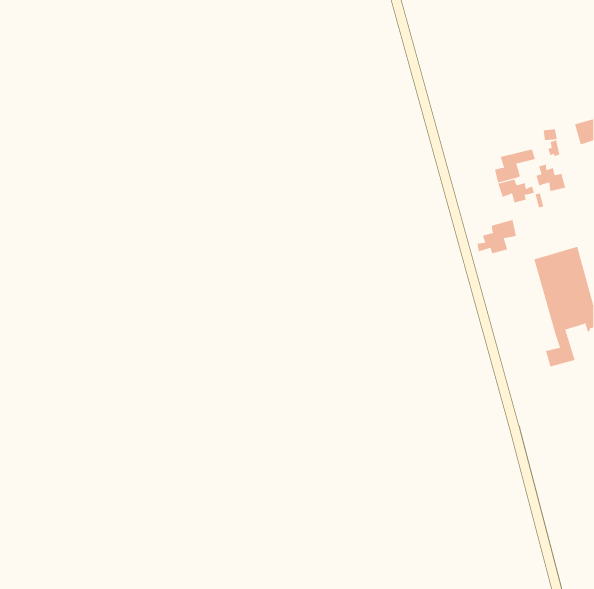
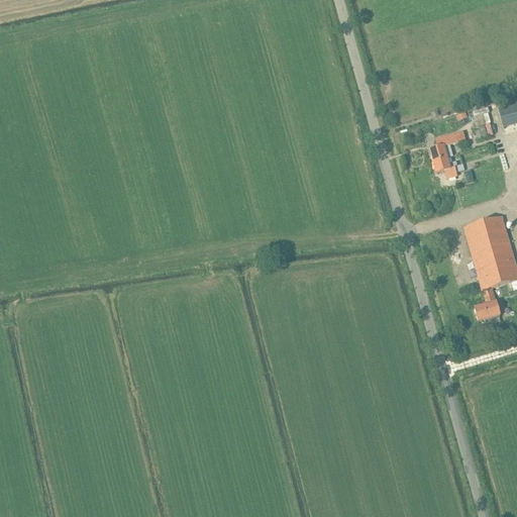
building: [536,164,566,192] -> none
building: [477,219,517,254] -> none

